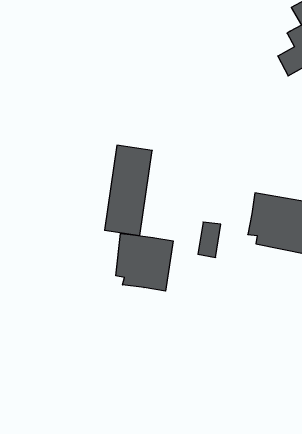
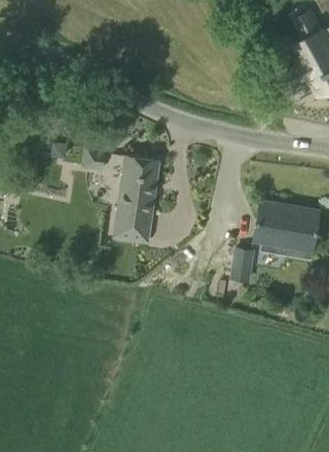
building: [198,222,221,257] -> [232,247,254,282]
building: [116,234,173,291] -> none

